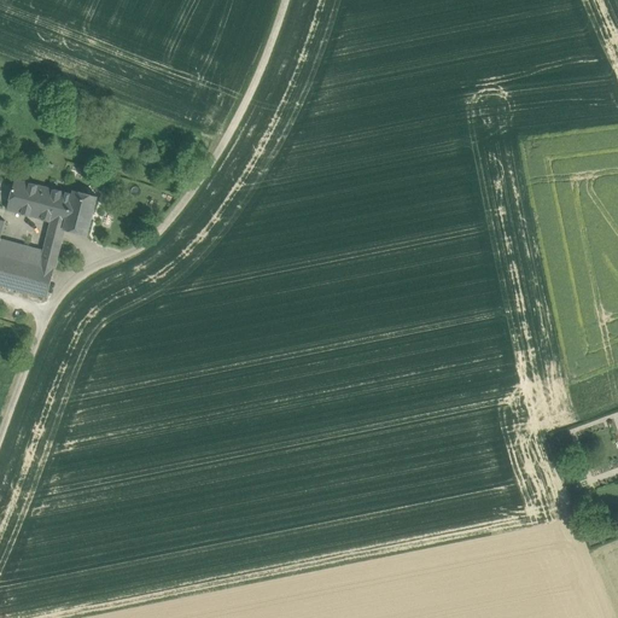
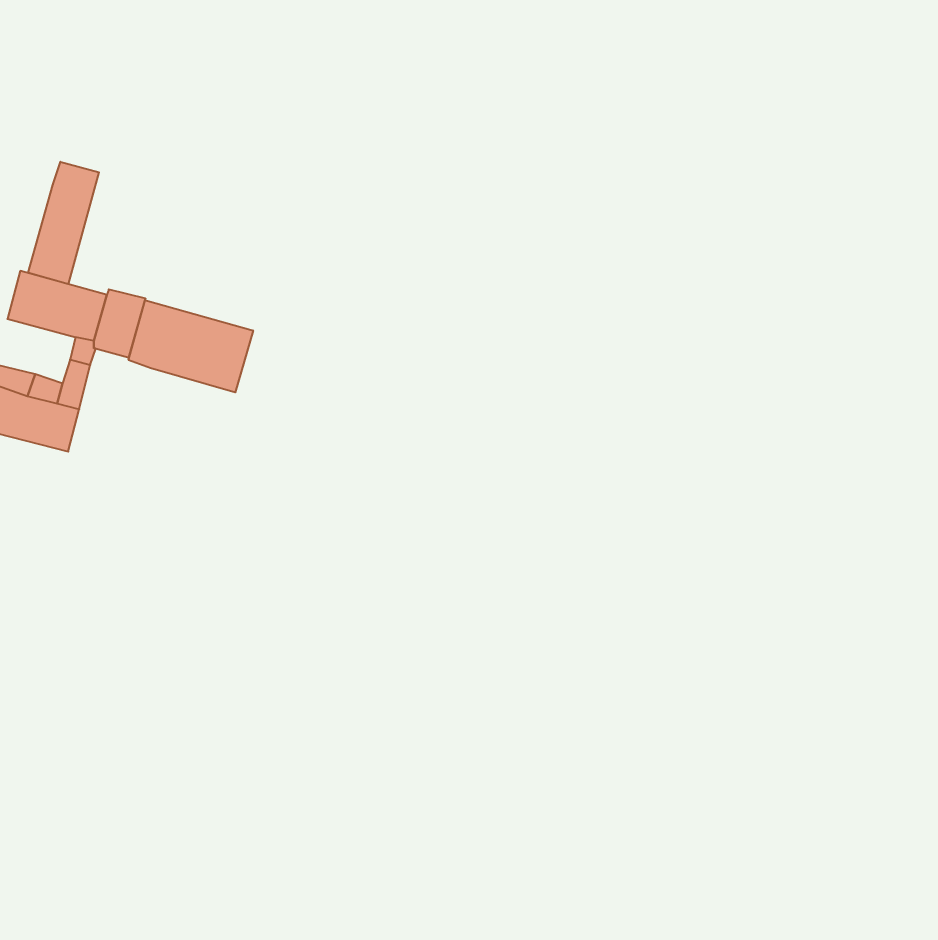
building: none -> [28,162,99,284]
building: none -> [129,300,253,392]

